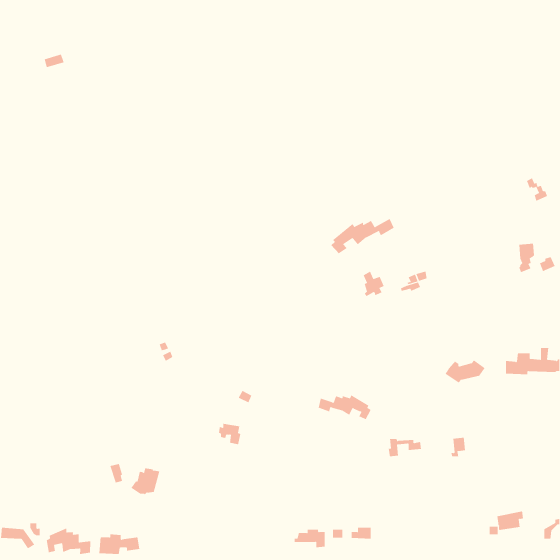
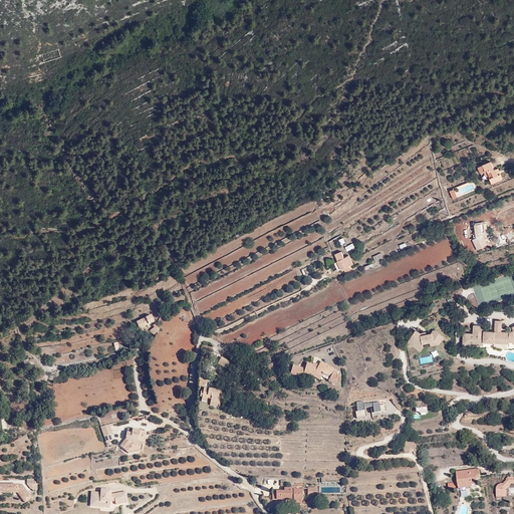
building: [330,218,394,254] -> none
building: [46,528,91,555] -> none

